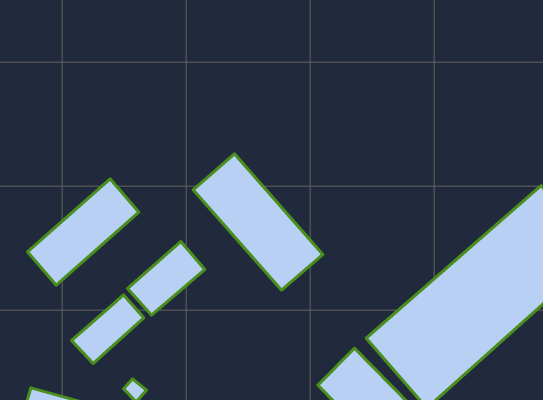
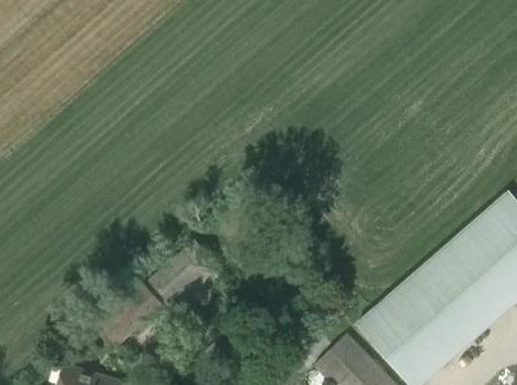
building: [193,154,323,290] -> none
building: [28,179,139,285] -> none

